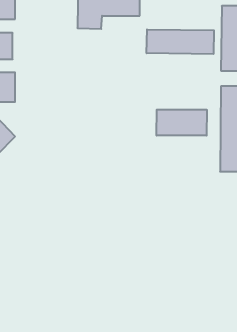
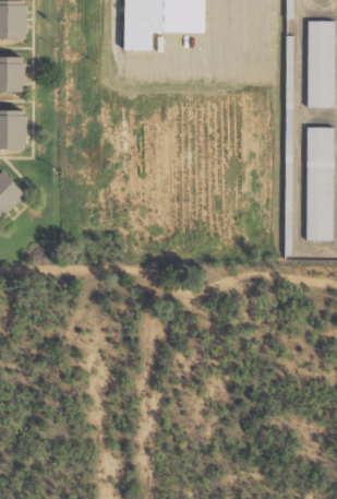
building: [147,29,214,54] -> none
building: [157,110,207,136] -> none

